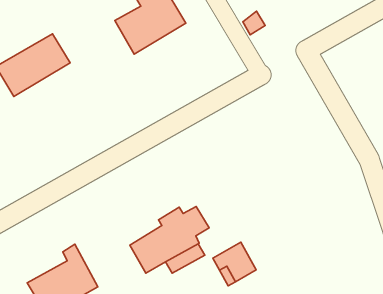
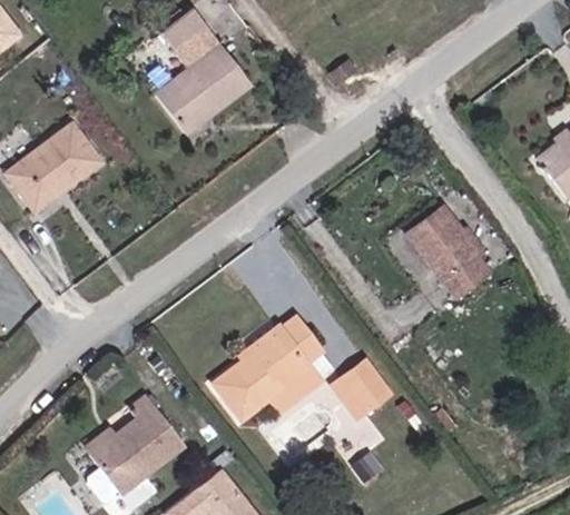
building: none -> [405,201,490,291]

